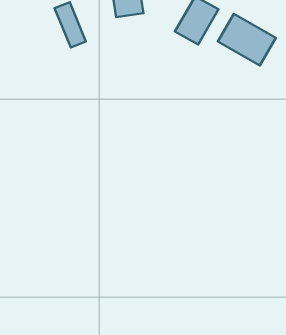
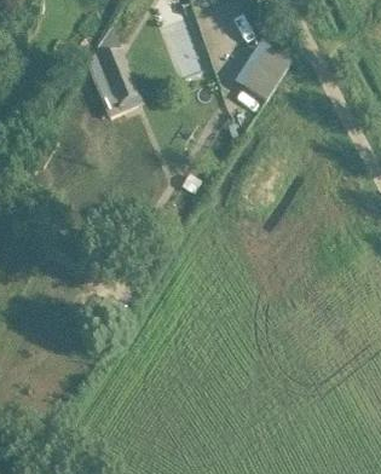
building: [218,14,276,66] -> none

